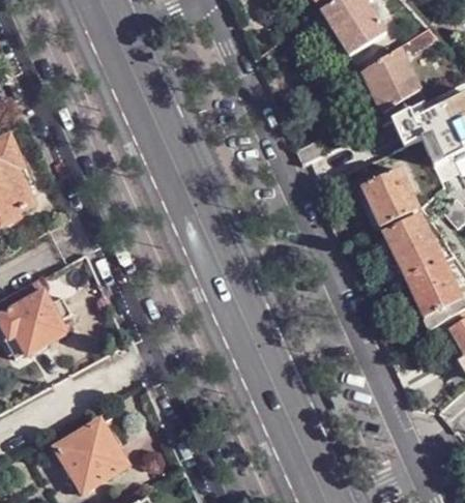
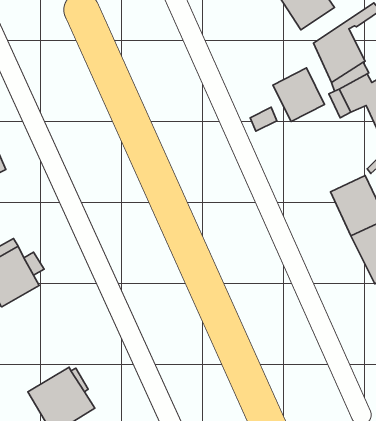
building: [360,168,416,226] -> [273,68,325,122]

